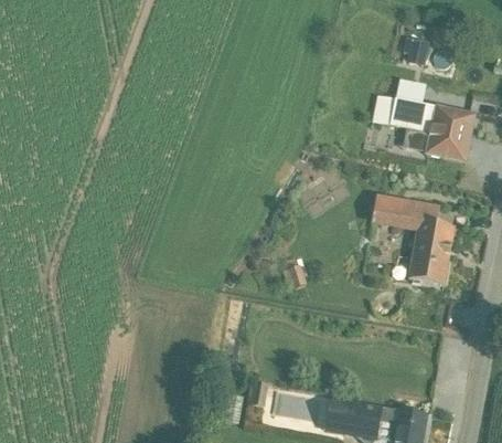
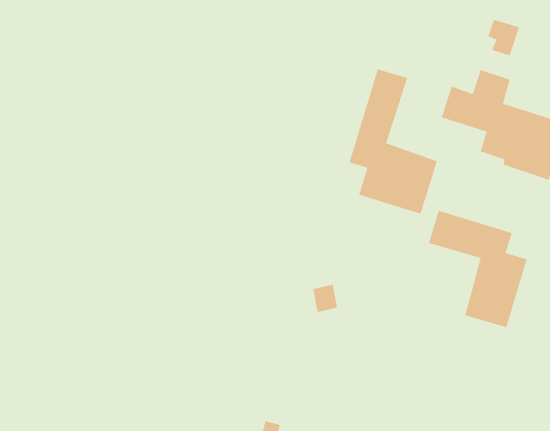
building: none -> [349,68,438,215]

